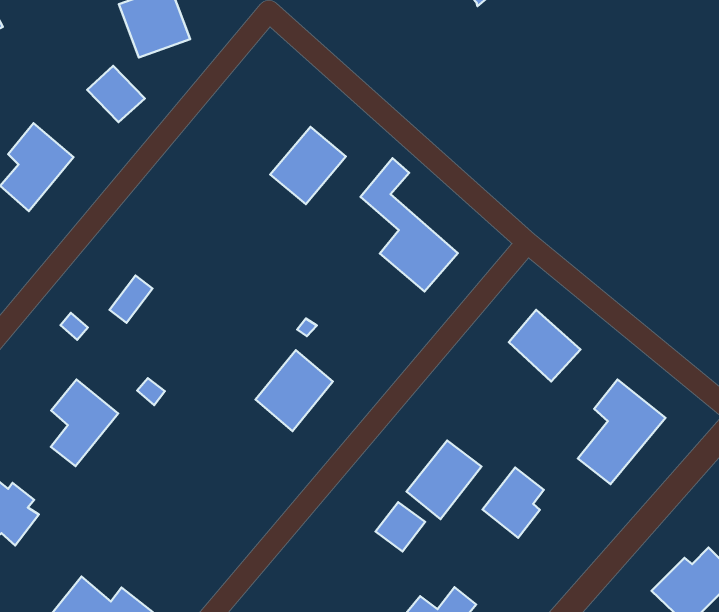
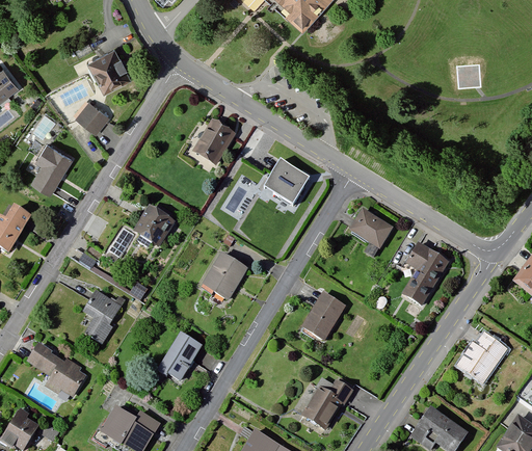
building: none -> [135,202,178,246]
building: [483,468,544,538] -> none
building: none -> [158,335,202,384]
building: [375,502,425,551] -> none

